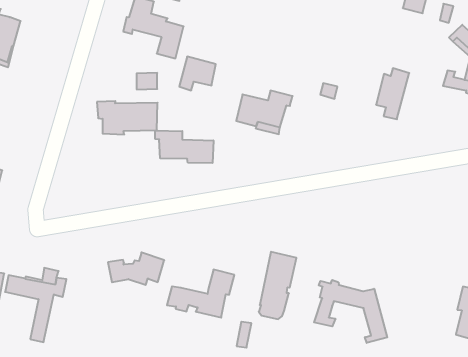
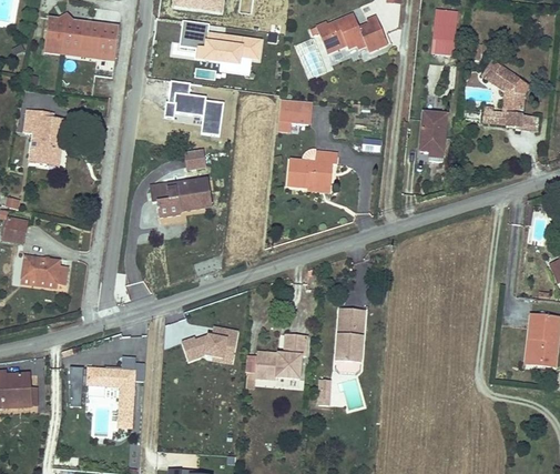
building: [179,57,216,90] -> [277,99,309,131]
building: [155,131,213,163] -> none
building: [314,280,387,343] -> none

